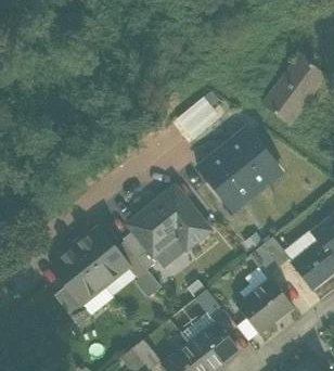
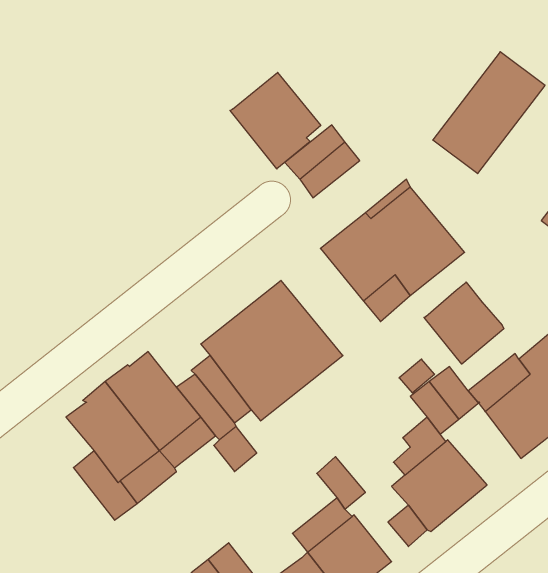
building: none -> [230,72,321,169]
building: none -> [424,282,504,364]

